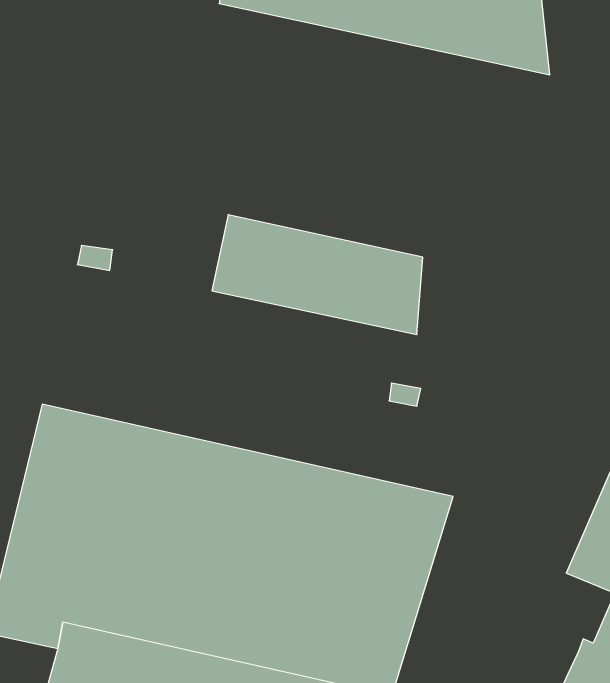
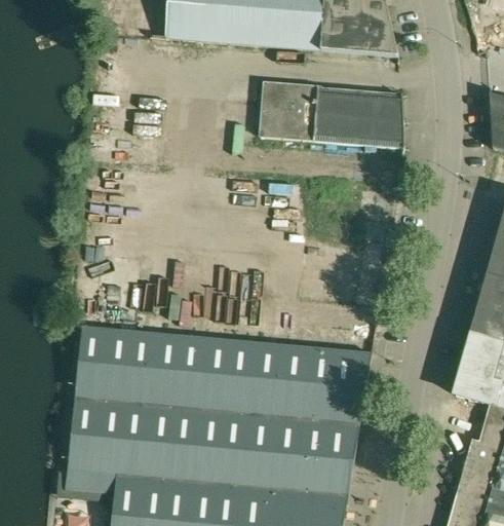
building: [212,215,423,335] -> [260,83,403,148]

